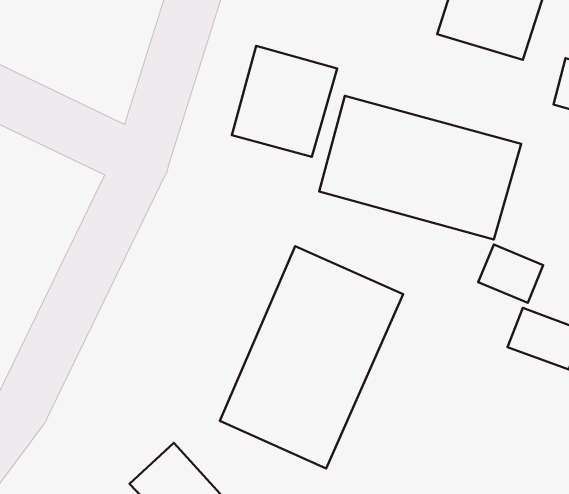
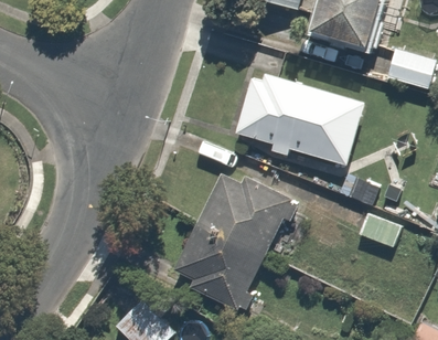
building: [232,46,337,157] -> none

